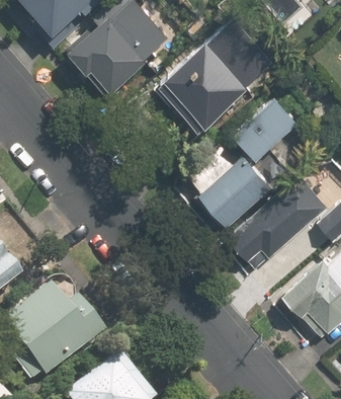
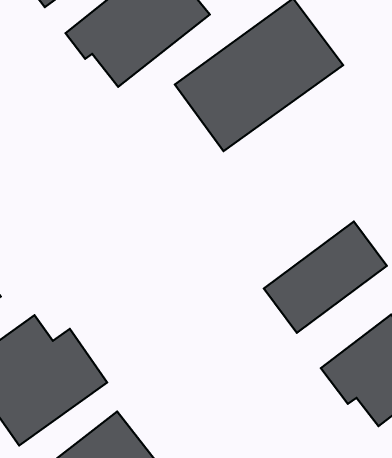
building: [185,96,300,235] -> none

